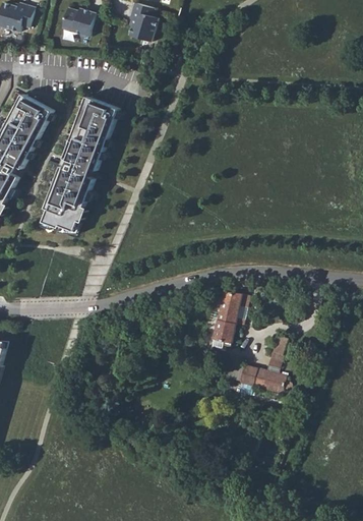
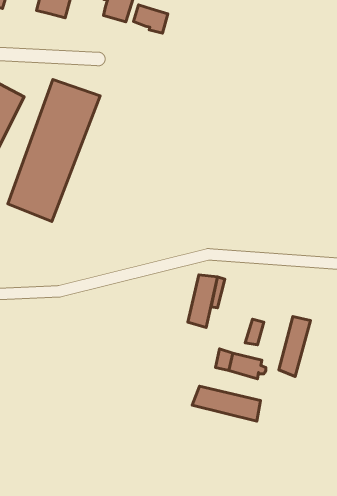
building: none -> [133,5,168,33]
building: none -> [279,317,311,377]
building: none -> [192,386,261,421]

